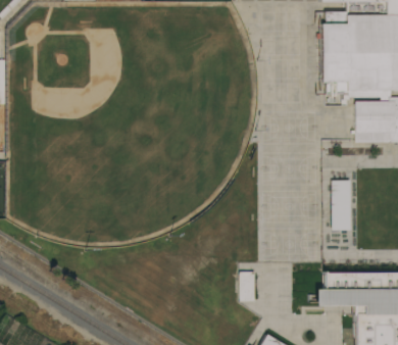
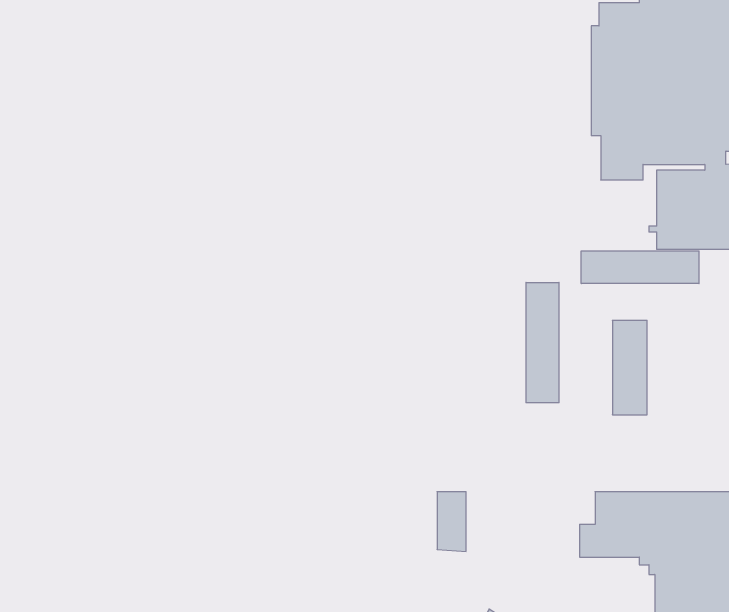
building: none -> [581,251,699,284]
building: none -> [526,282,559,403]

